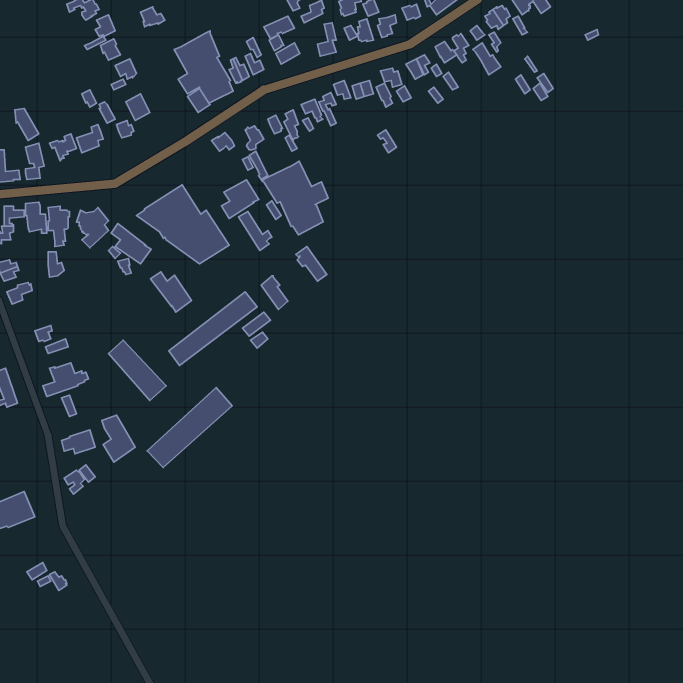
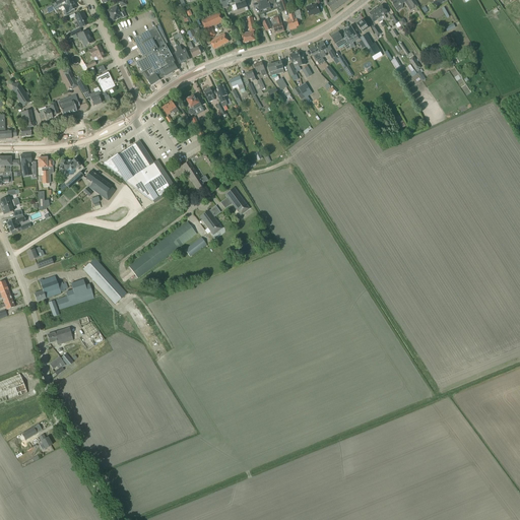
building: [262,161,328,235] -> none
building: [222,180,259,218] -> none
building: [151,272,192,312] -> none
building: none -> [56,279,92,309]
building: [147,388,232,468] -> none

